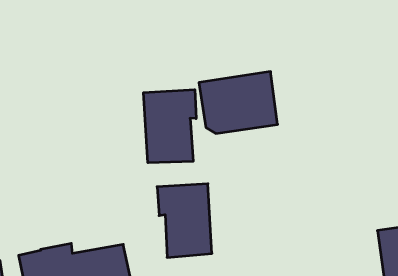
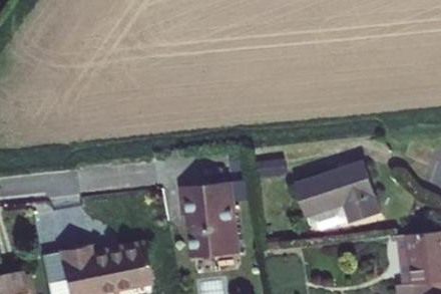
building: [199,72,278,133] -> [284,161,363,223]
building: [144,90,196,163] -> none

